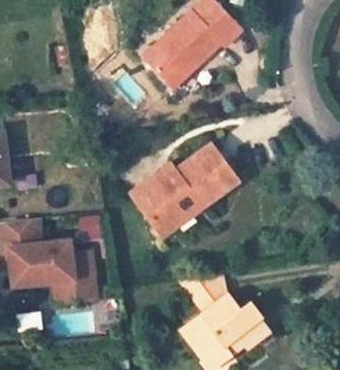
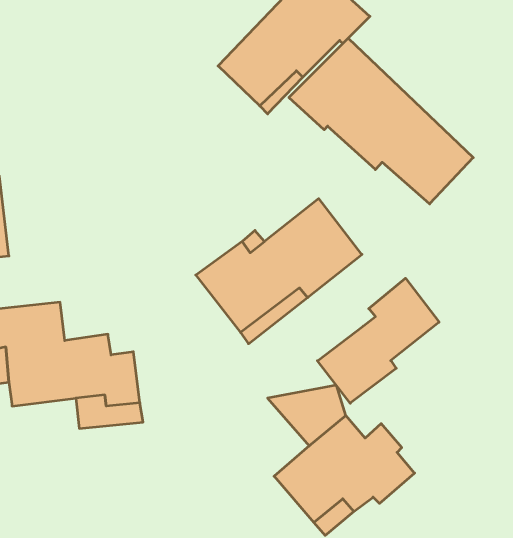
building: none -> [289,38,473,204]
building: none -> [317,278,439,403]

